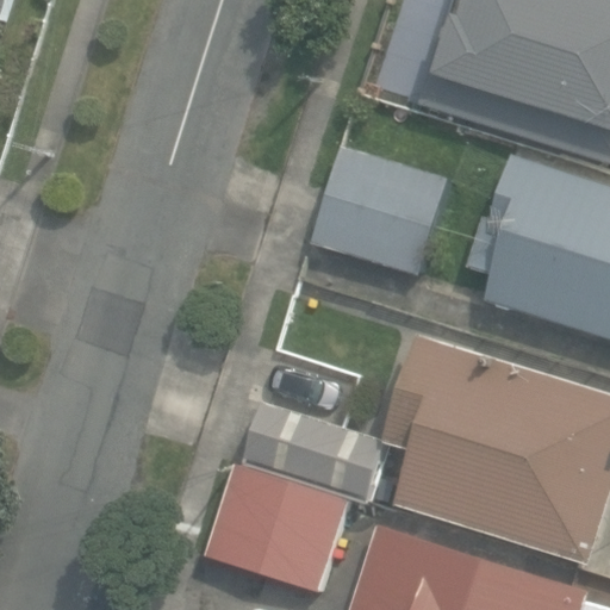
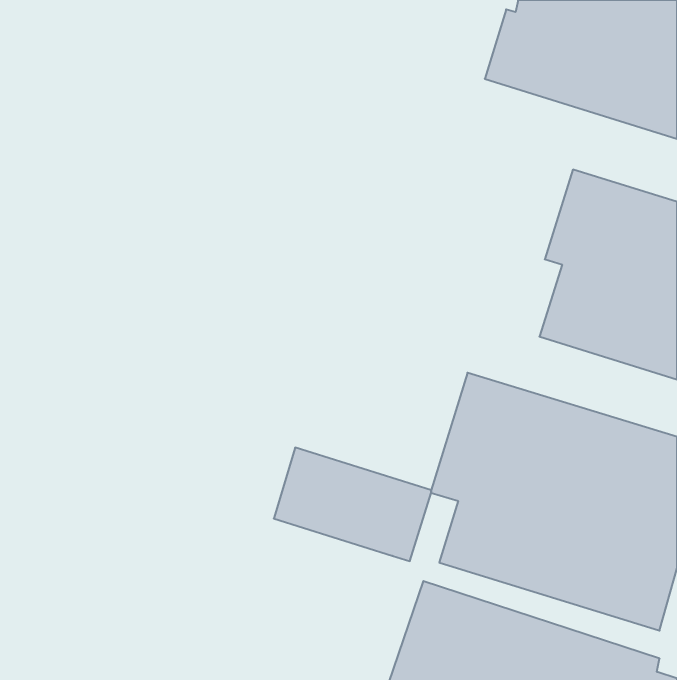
building: [310,145,452,278] -> none
building: [204,461,350,592] -> none

